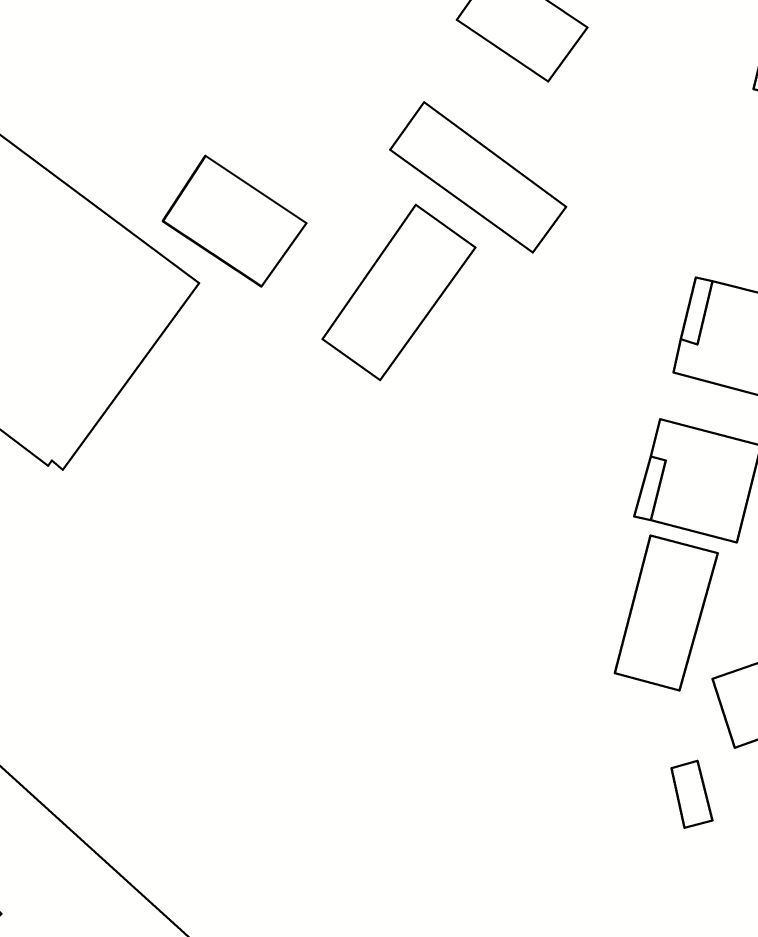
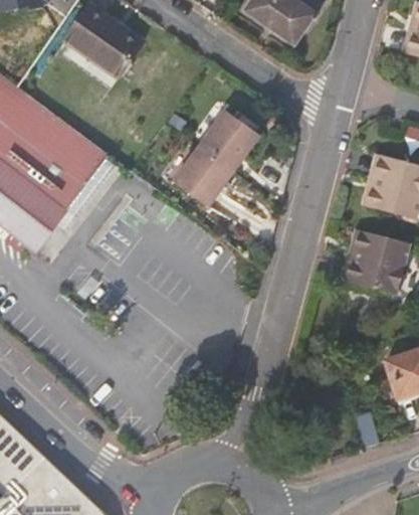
building: [390,102,566,252] -> none
building: [163,156,306,287] -> [64,8,142,78]
building: [615,536,718,690] -> none

